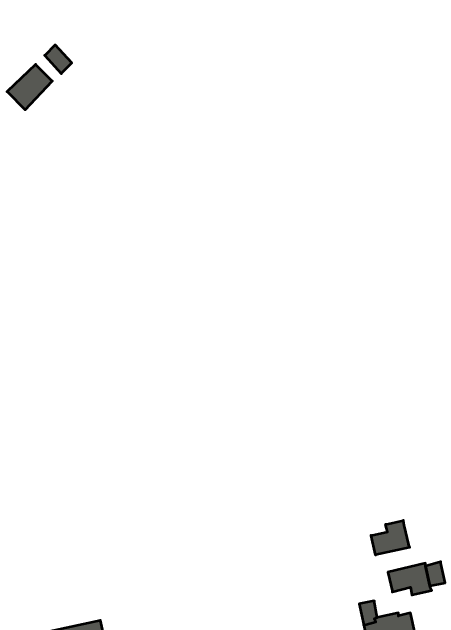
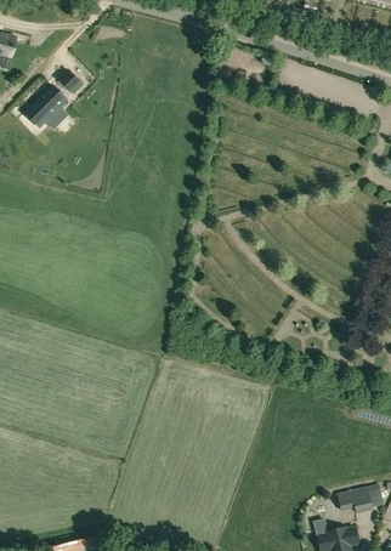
building: [371,520,410,555] -> none

